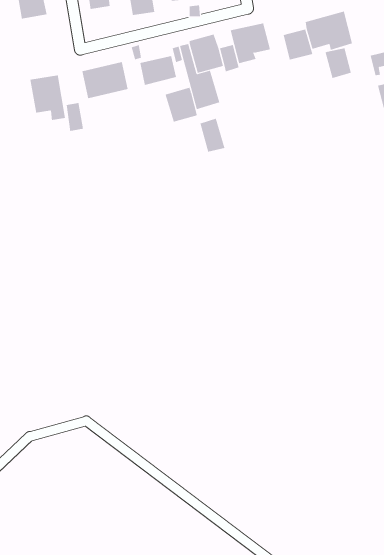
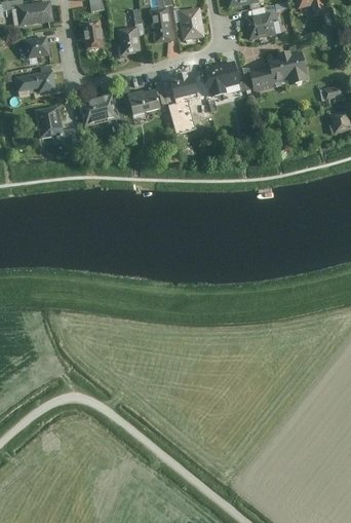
building: none -> [13,71,55,92]
building: [325,48,351,79] -> none
building: [165,87,197,123] -> none
building: [199,118,225,152] -> none

